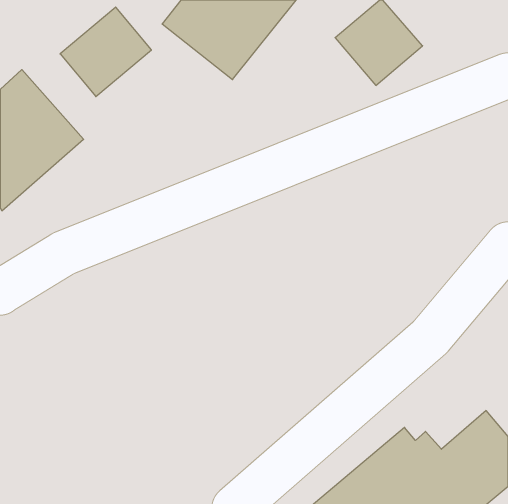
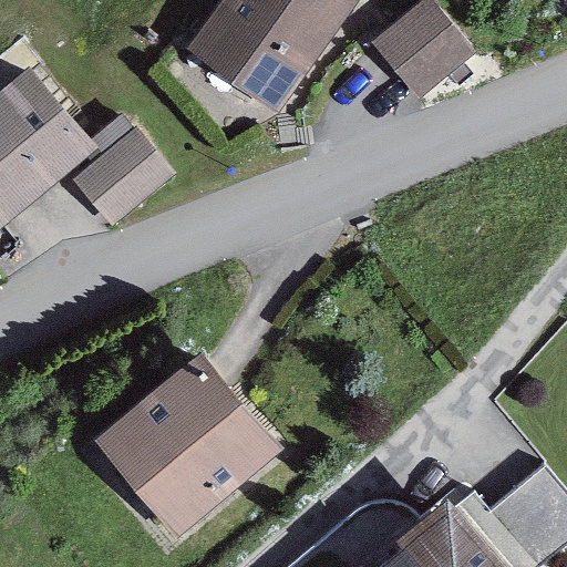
building: [60,7,151,97] -> [72,134,174,234]
building: none -> [99,344,285,529]

